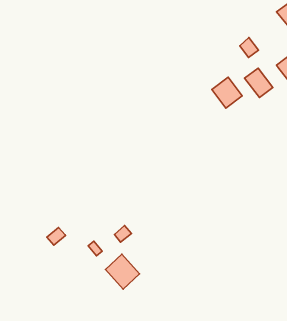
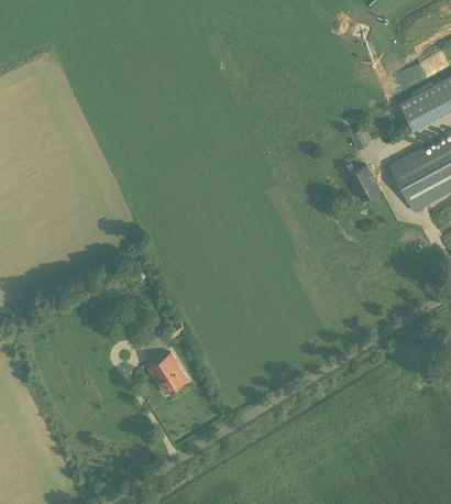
building: [212,77,242,108] -> none

